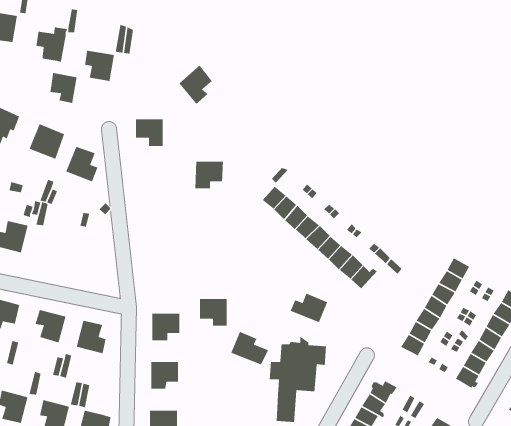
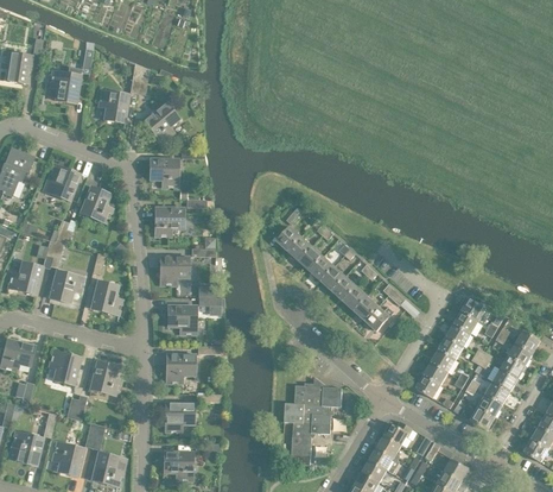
building: [178,65,213,105] -> [142,102,177,143]
building: [50,72,78,104] -> none
building: [194,161,224,189] -> [153,208,183,236]
building: none -> [159,257,187,285]
building: none -> [47,270,83,303]
building: none -> [90,280,121,315]
building: [290,293,328,323] -> none
building: [199,298,228,327] -> [166,305,195,334]
building: [230,331,269,366] -> none

